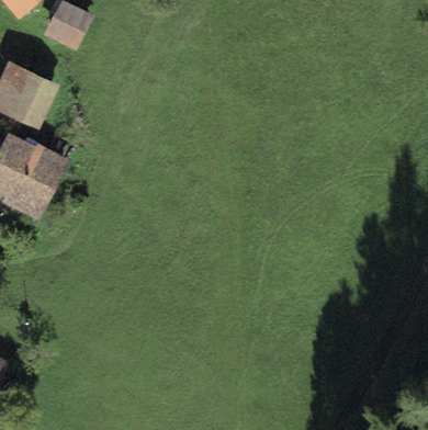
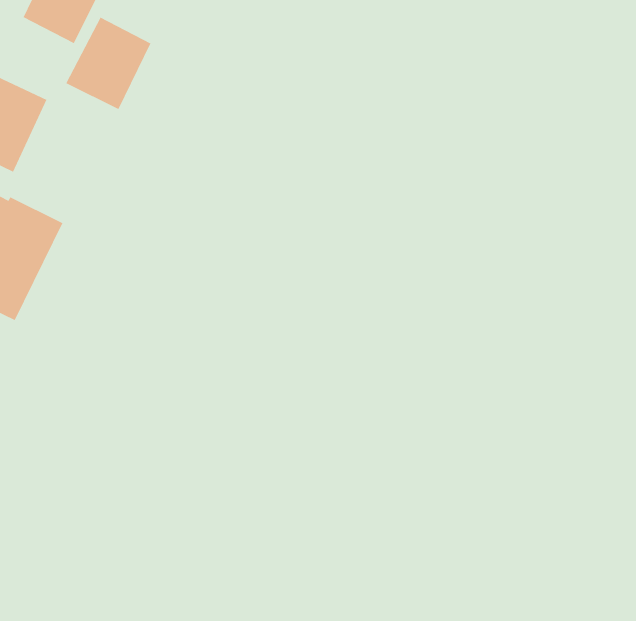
building: none -> [65,17,151,110]

